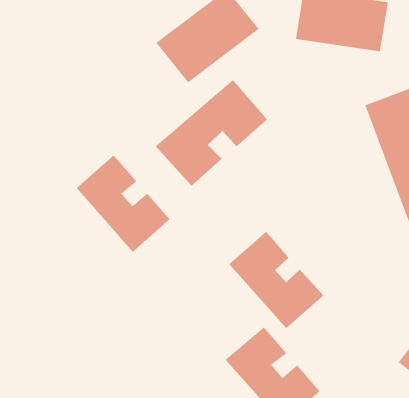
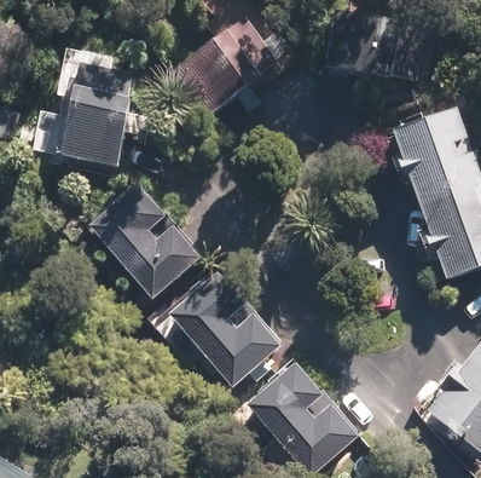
building: none -> [60,67,131,168]
building: [155,79,268,187] -> none
building: [228,231,324,329] -> [173,277,273,380]

